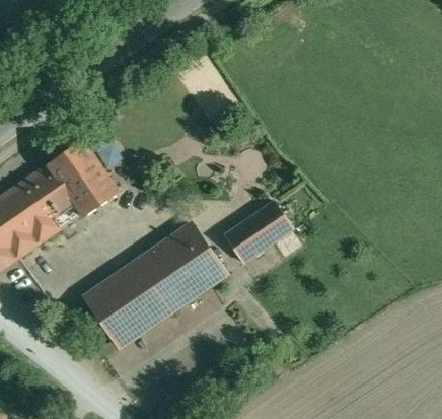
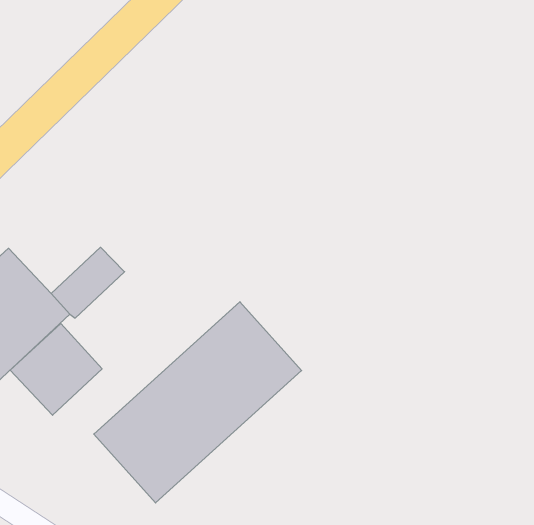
building: [47,141,106,200] -> [10,324,102,415]
building: [224,202,293,263] -> none

